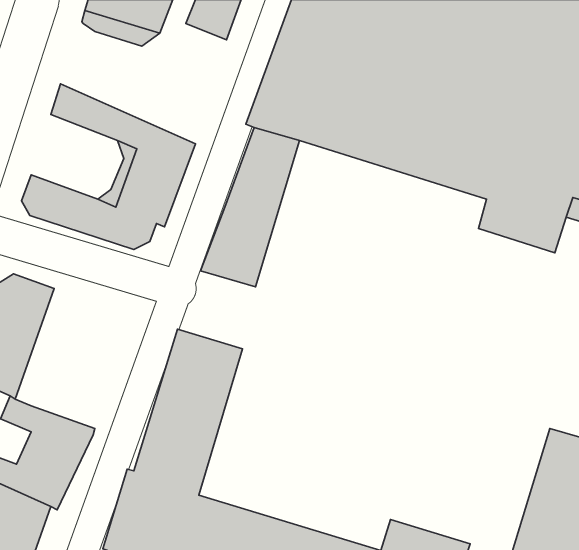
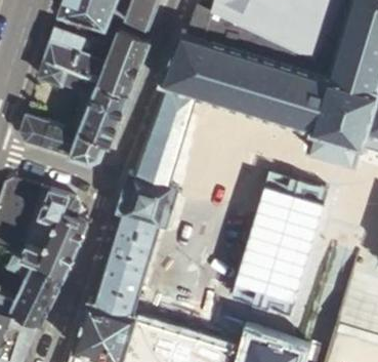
building: none -> [44,30,150,96]
building: none -> [234,172,328,314]
building: none -> [116,174,177,228]
building: none -> [20,191,89,276]

